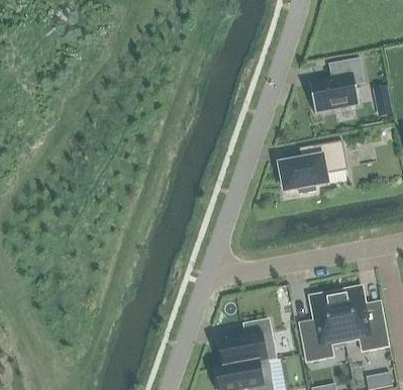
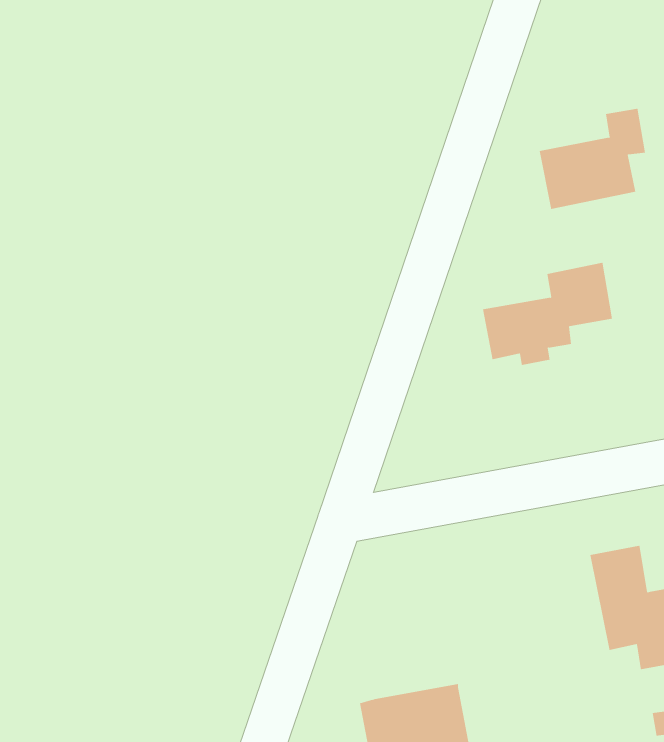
building: [300,290,345,361] -> none
building: [219,318,276,365] -> none

